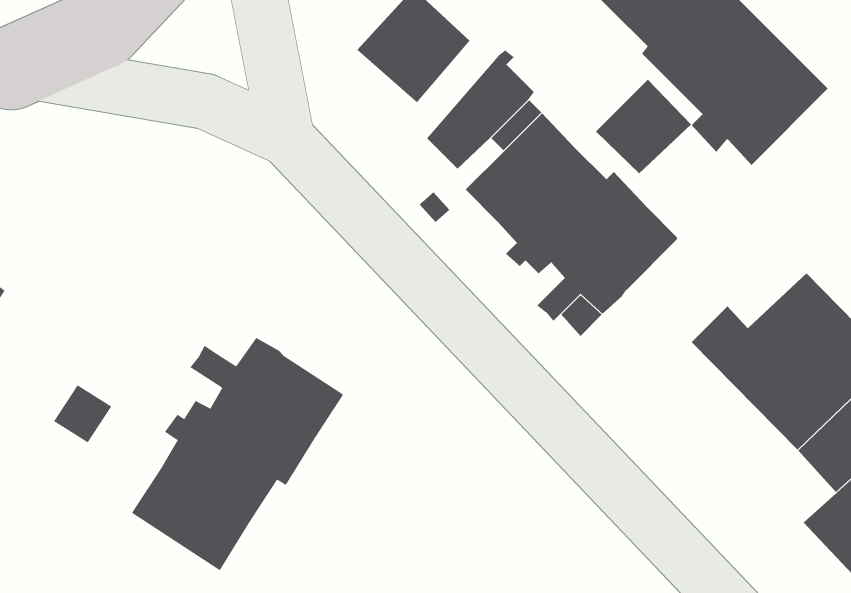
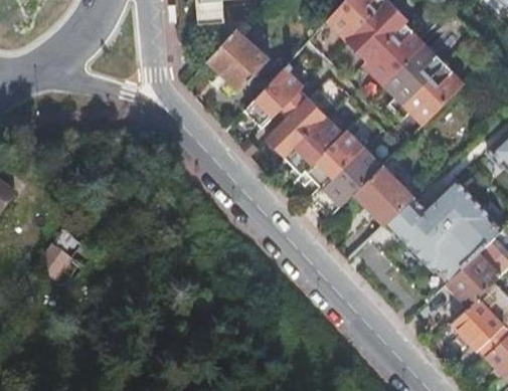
building: [595,79,692,174] -> none
building: none -> [354,166,414,225]
building: [131,337,343,571] -> none

